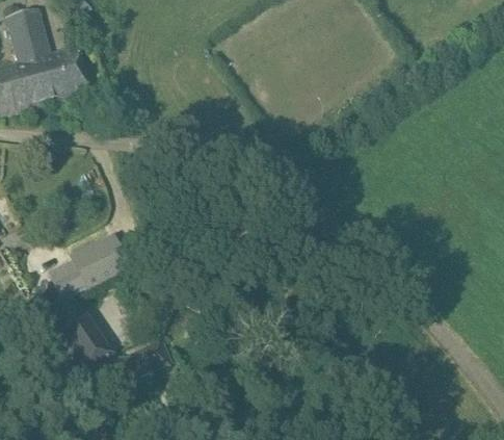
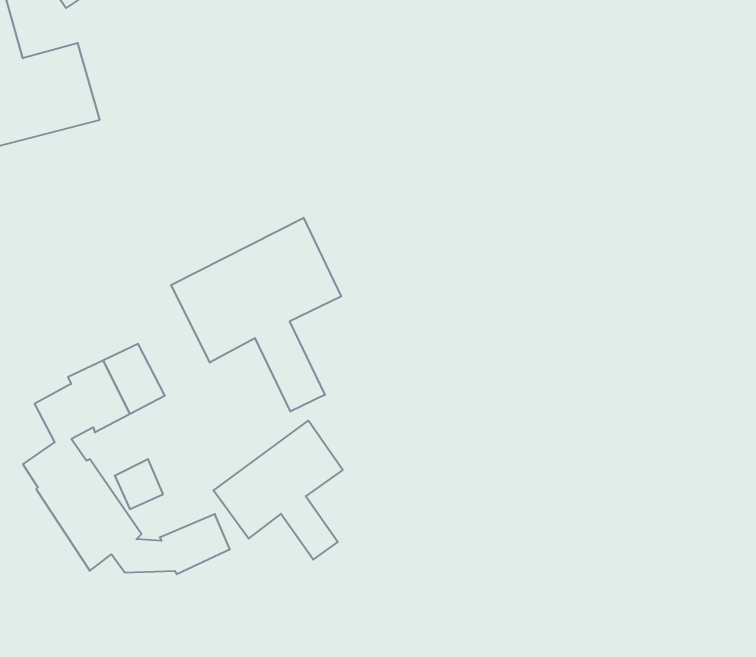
building: none -> [171,218,341,412]
building: none -> [213,421,343,560]

